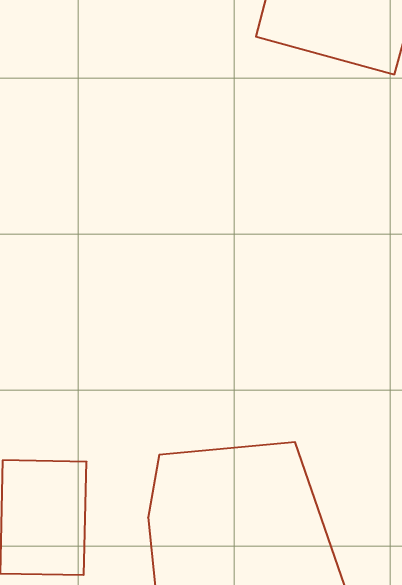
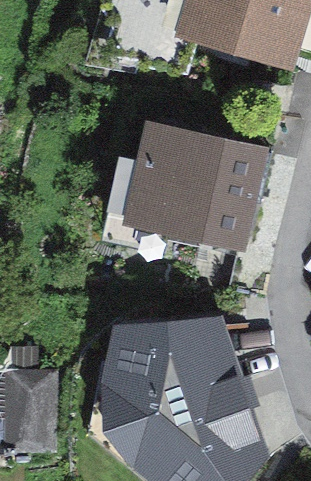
building: none -> [132,131,250,245]

